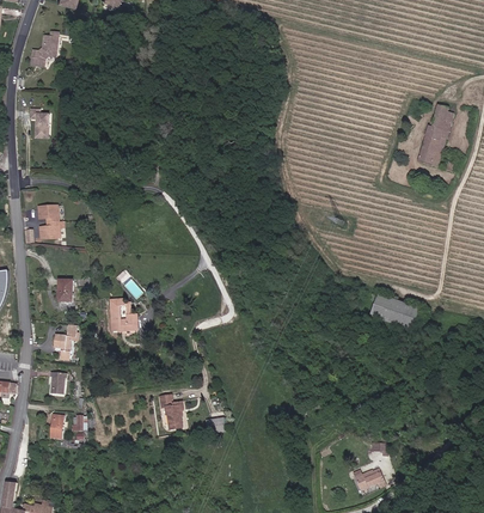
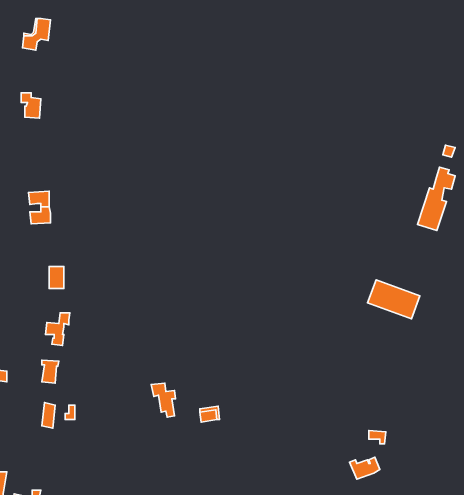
building: [417,105,454,167] -> [417,167,455,230]
building: [111,299,137,330] -> none

